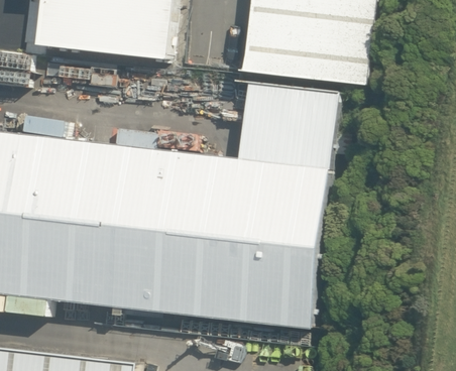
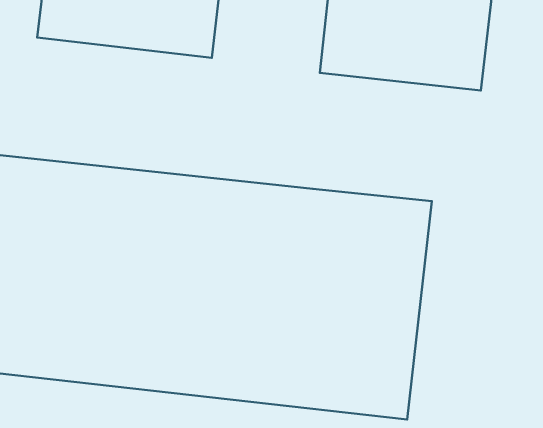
building: [234,80,336,167] -> none

